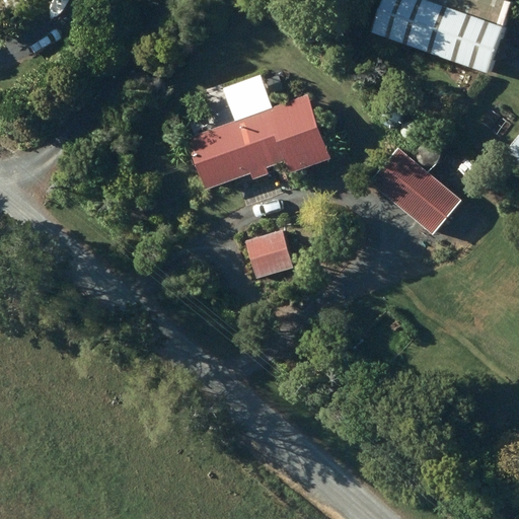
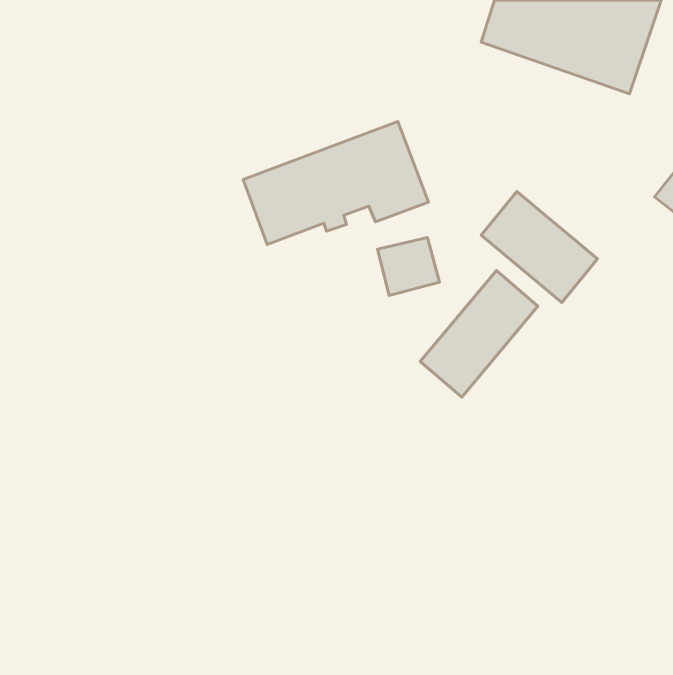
building: none -> [420,270,538,397]
building: [245,231,293,276] -> [377,237,440,295]

